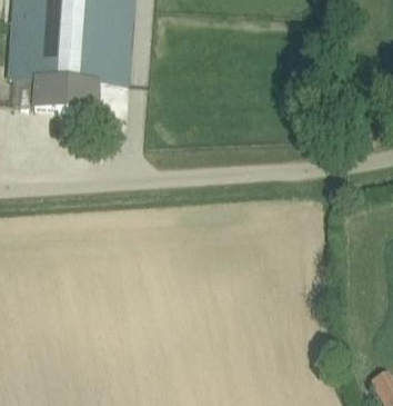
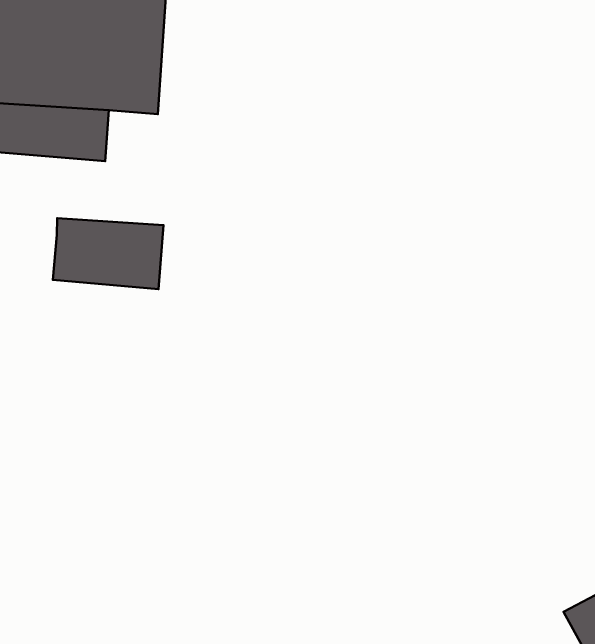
building: none -> [53,218,163,289]

